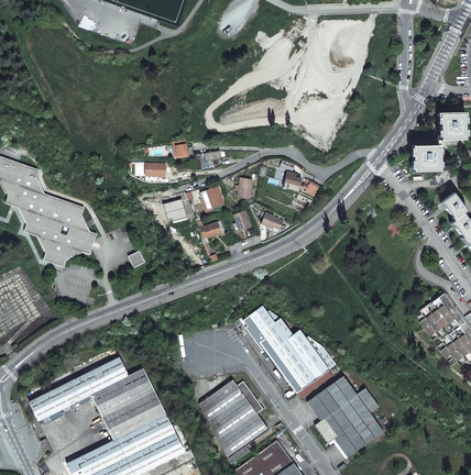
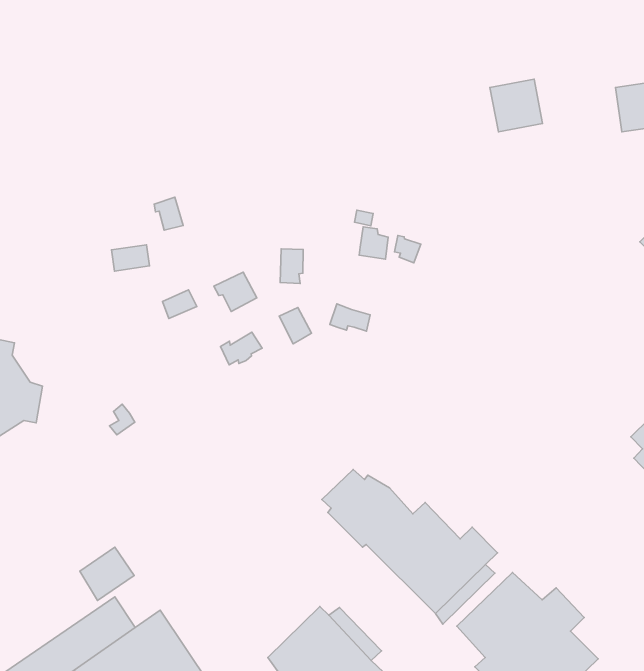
building: [413,145,439,172] -> [490,79,543,132]
building: none -> [80,547,134,600]

